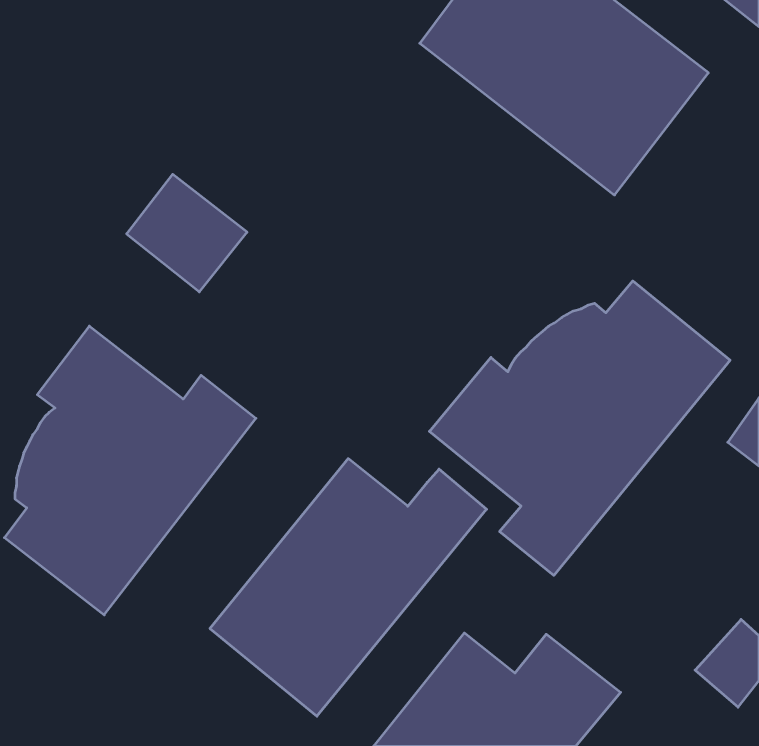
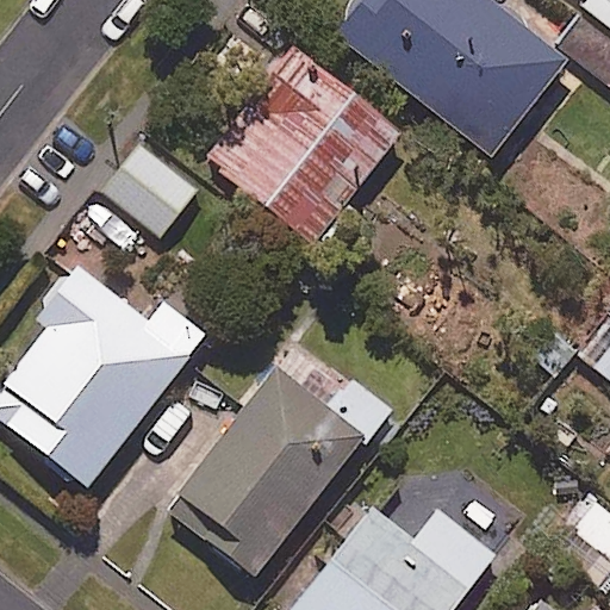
building: none -> [203,50,399,247]
building: [429,281,730,575] -> none

